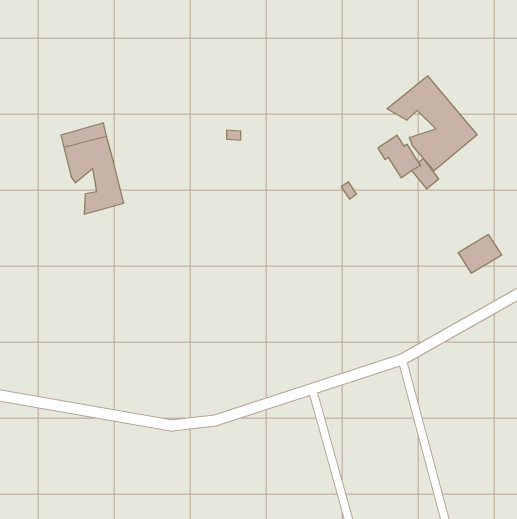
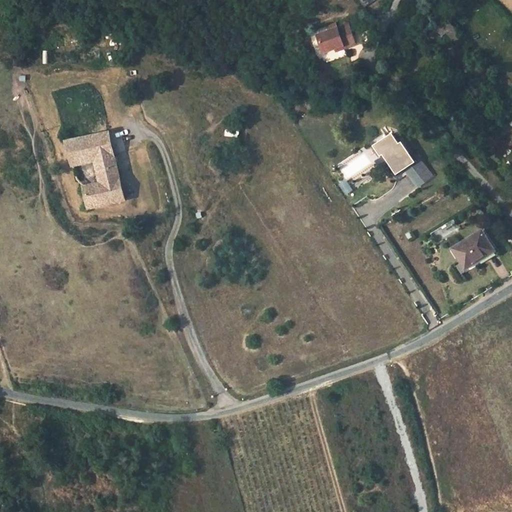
building: none -> [320,25,354,52]
building: [387,76,477,171] -> none

